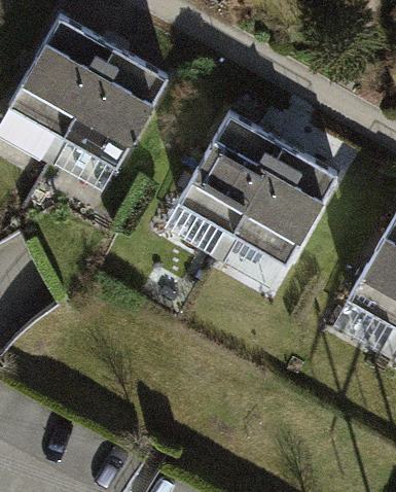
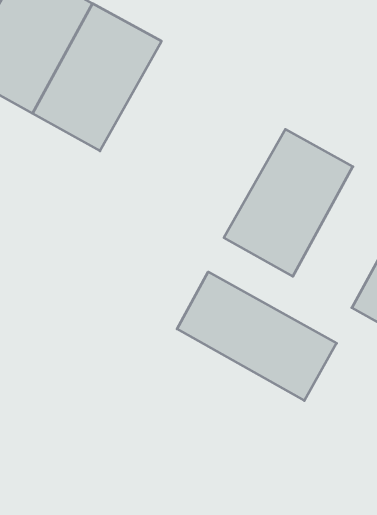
building: [169,125,282,251] -> none
building: none -> [177,272,337,401]

